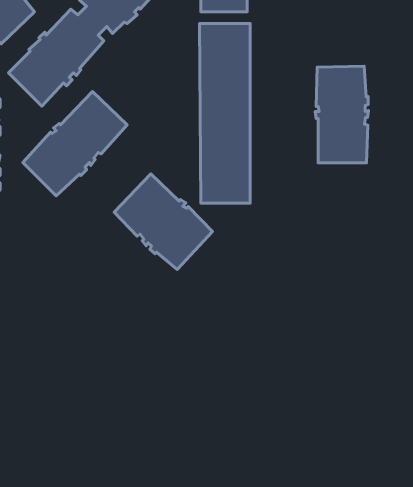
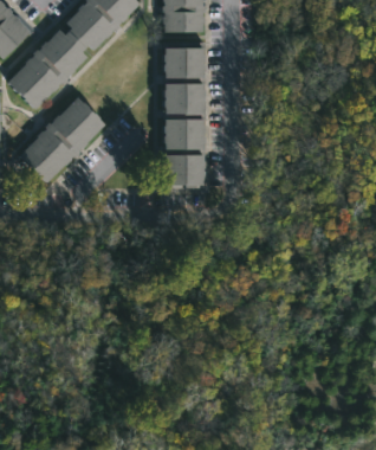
building: [315,66,368,163] -> none
building: [114,174,213,270] -> none

